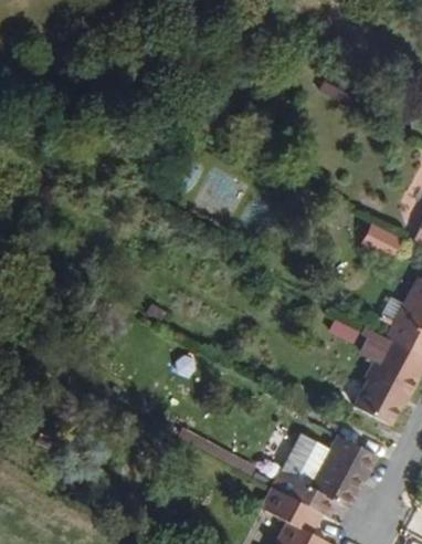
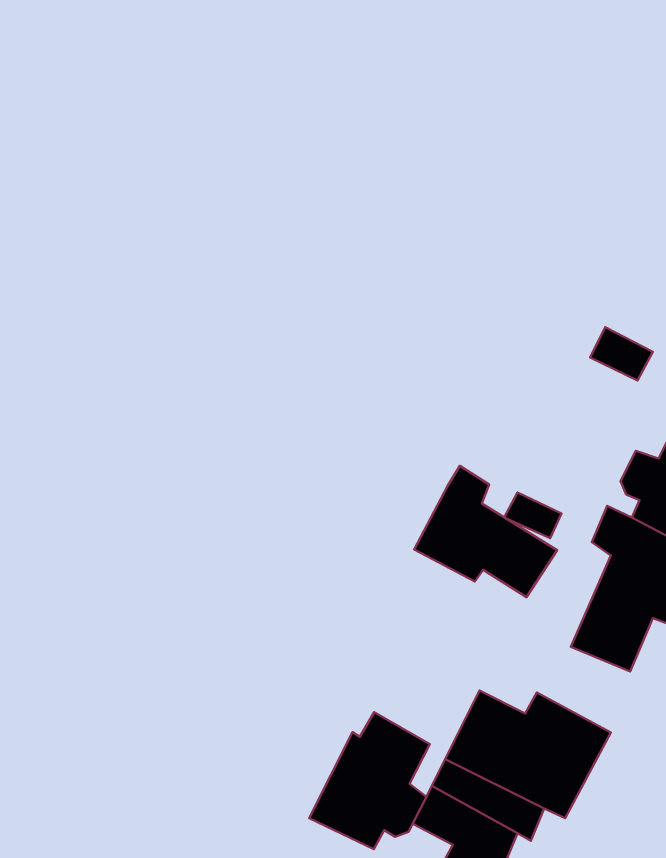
building: none -> [414,466,557,597]
building: none -> [309,712,430,849]

